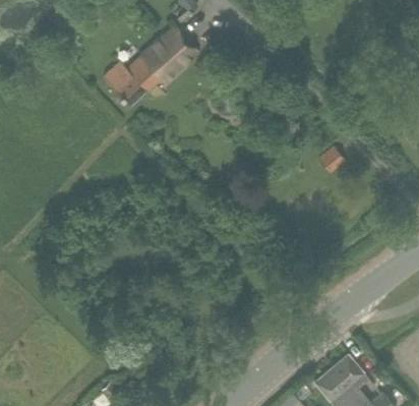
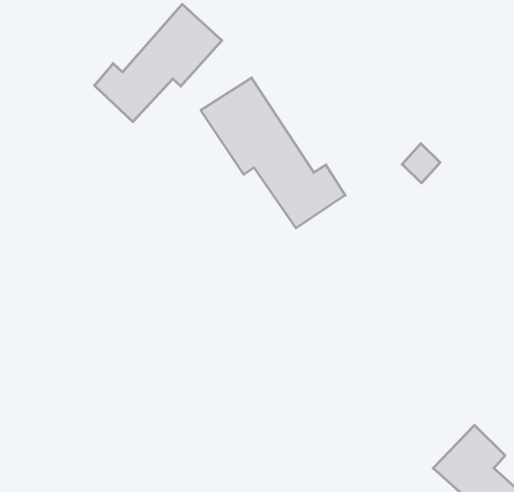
building: none -> [201,78,345,228]

